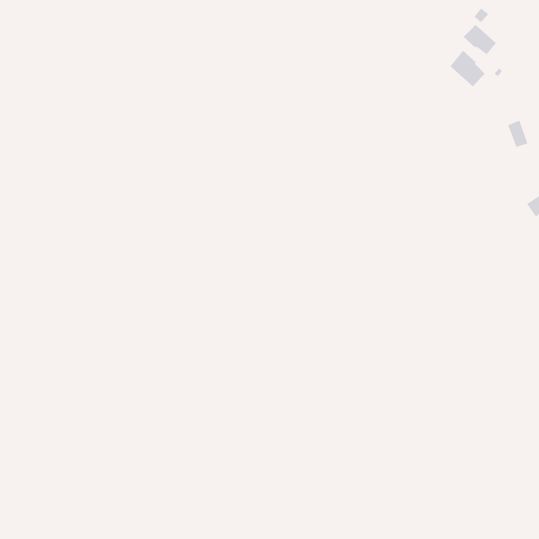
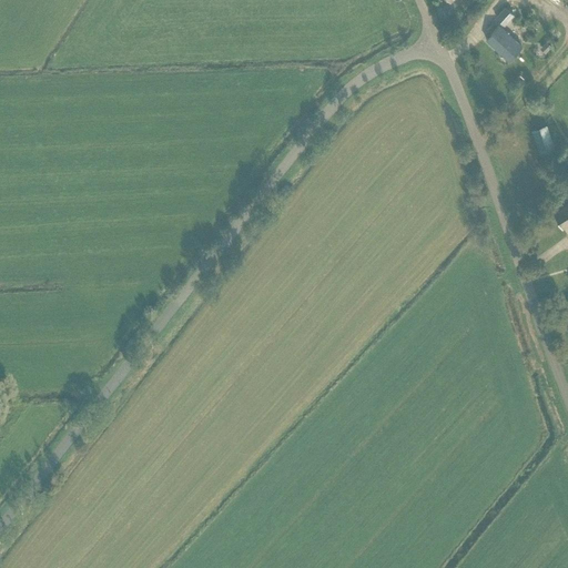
building: [449,50,487,87] -> none

